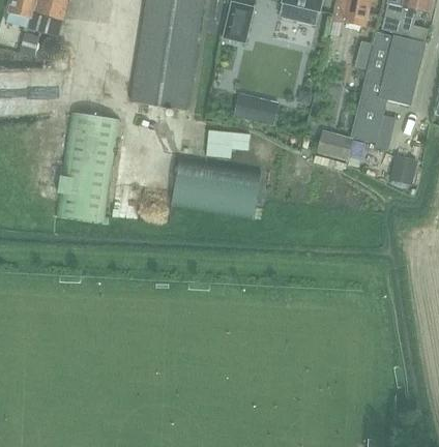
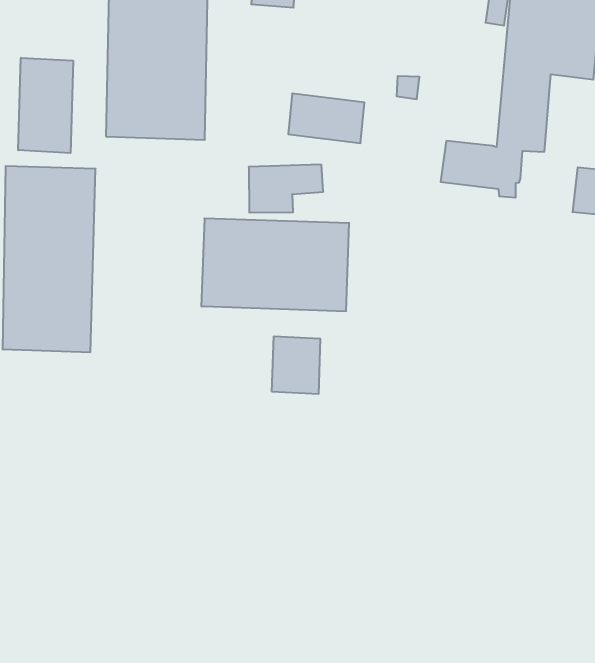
building: none -> [18,58,73,153]
building: none -> [272,336,320,394]

